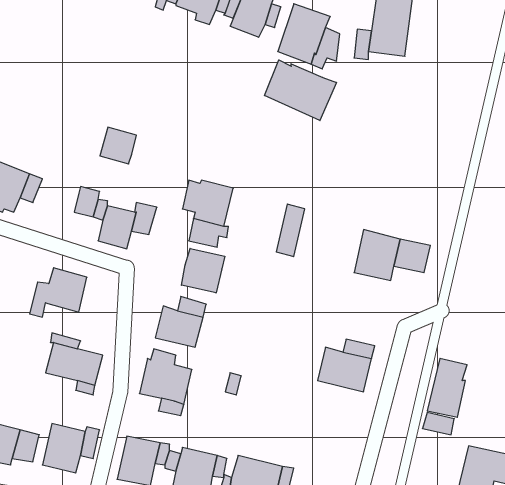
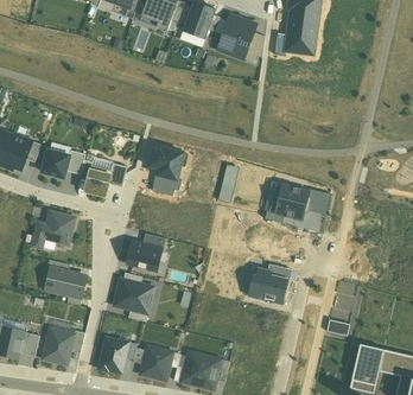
building: [265,60,336,121] -> none
building: [100,127,136,164] -> [42,149,69,177]
building: [181,248,225,293] -> none

